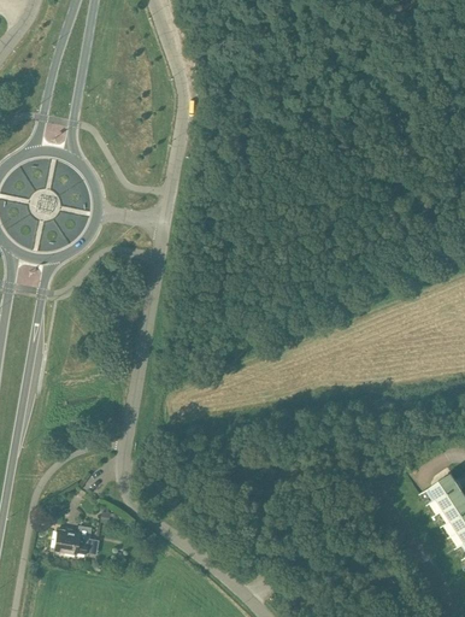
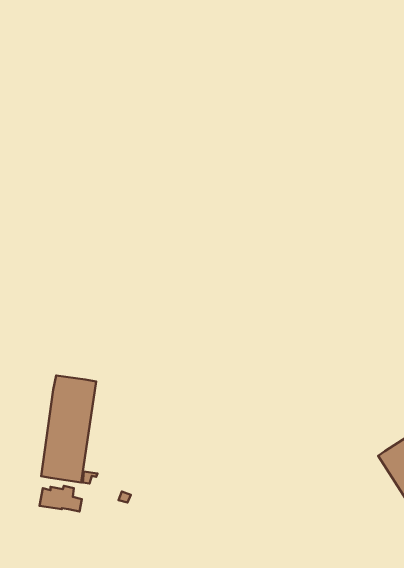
building: none -> [41,375,96,482]

